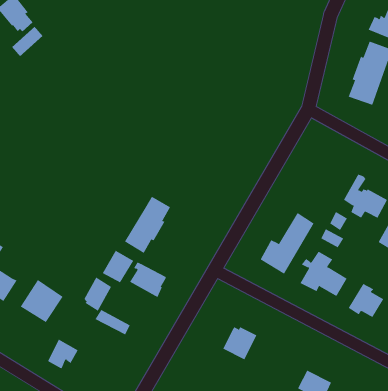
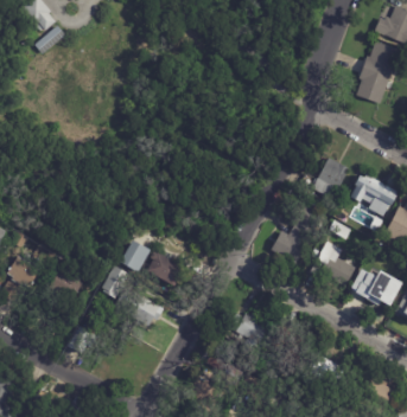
building: none -> [300,156,349,198]
building: [124,196,171,254] -> none

